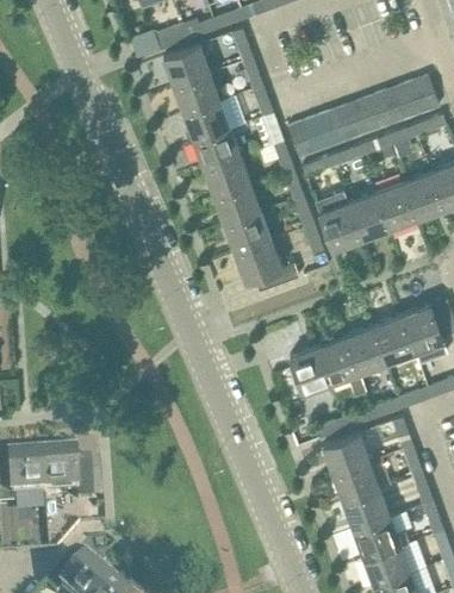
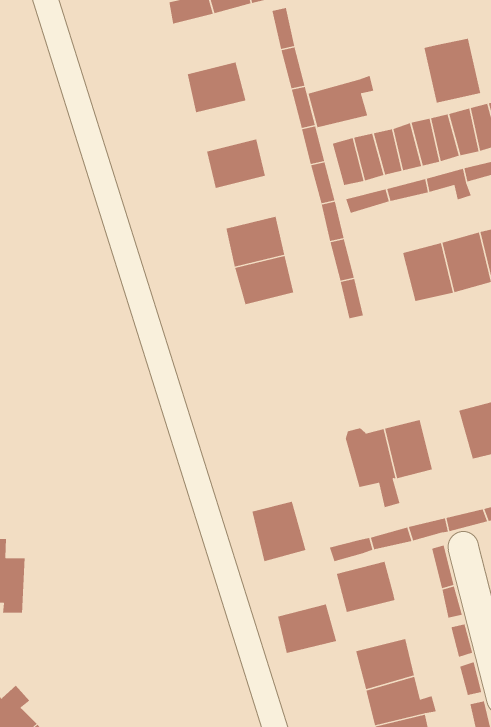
building: none -> [424,38,481,103]
building: [163,44,210,86] -> none
building: none -> [307,75,374,128]
building: [184,101,231,142] -> none
building: [204,156,251,198] -> none
building: [315,191,361,249] -> none
building: [235,241,299,292] -> none
building: [374,316,416,362] -> none
building: [290,345,334,393] -> [251,501,307,562]
building: [334,462,380,503] -> [277,604,337,654]

